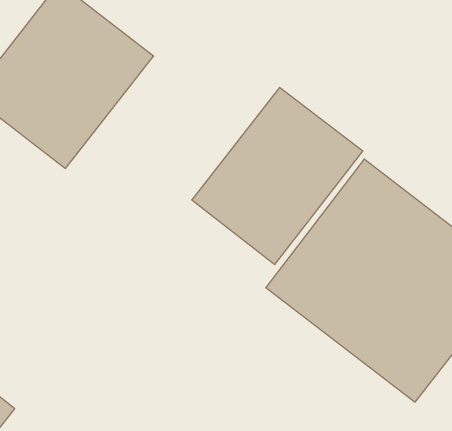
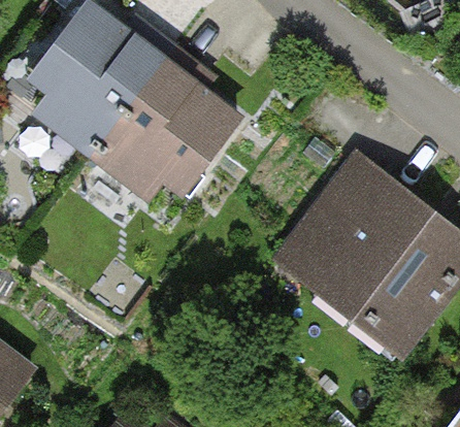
building: [192,87,363,264] -> [89,59,241,217]

